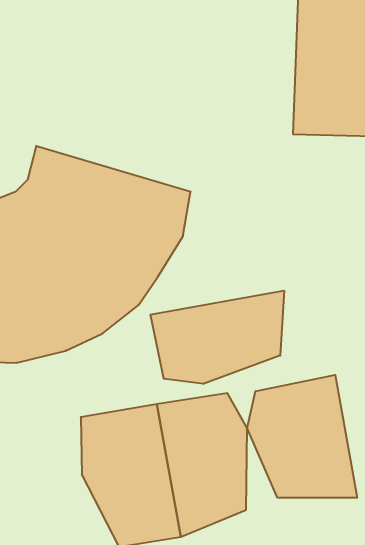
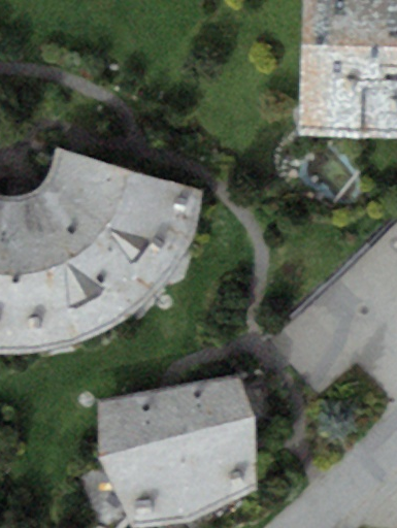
building: [150,291,284,384] -> none
building: [247,375,357,498] -> none

